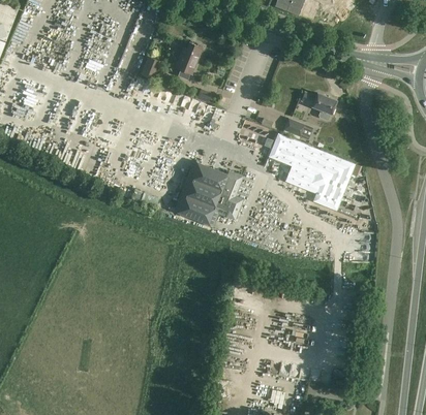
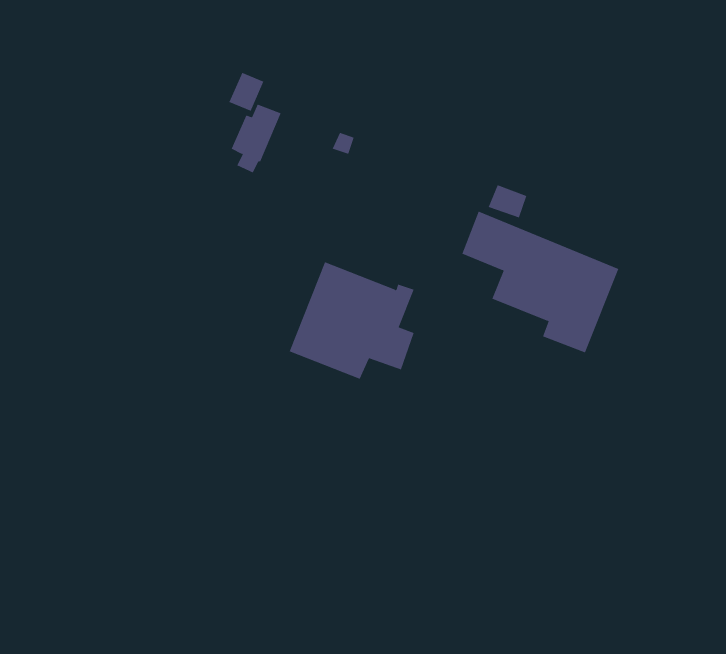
building: [174,41,202,79] -> [231,104,281,173]
building: [300,91,336,120] -> none

